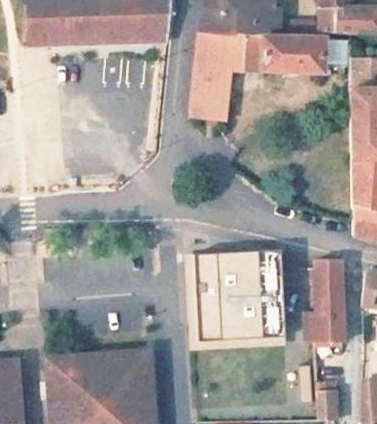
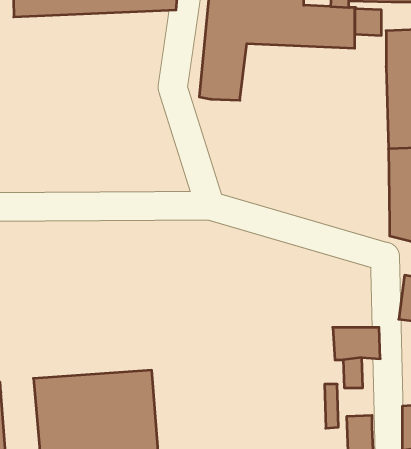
building: [193,250,286,343] -> none
building: [314,260,344,313] -> none

